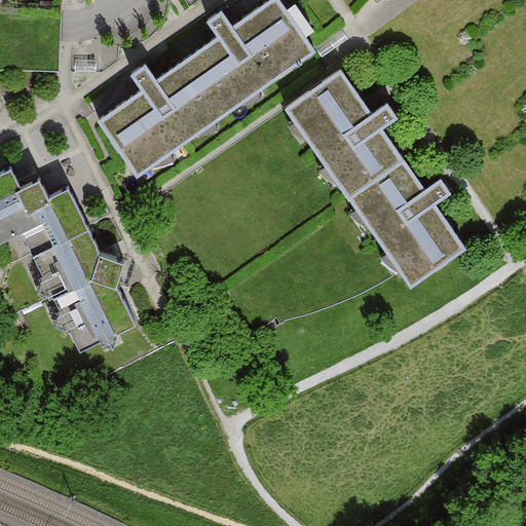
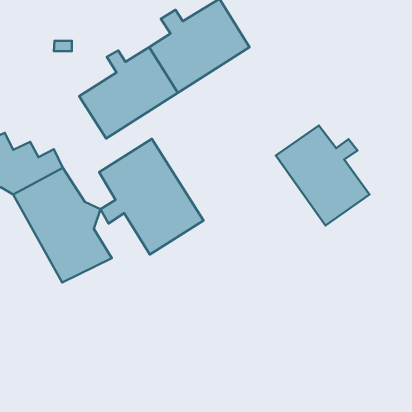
building: [286,71,402,196] -> none
building: none -> [99,139,203,255]

